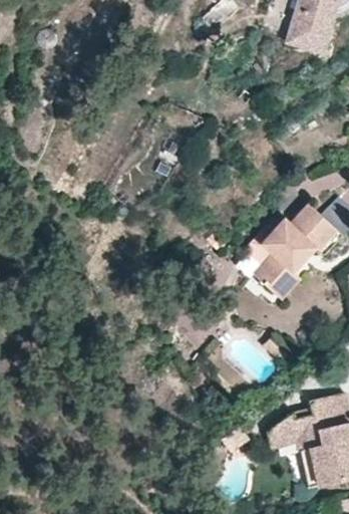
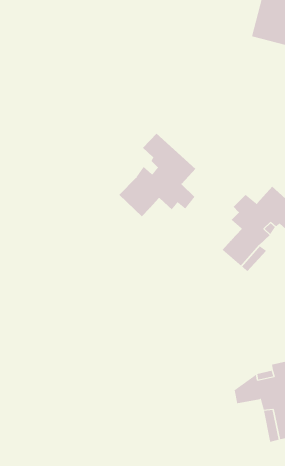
building: none -> [118,133,196,217]

